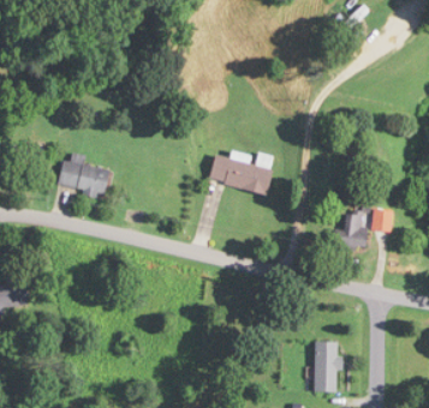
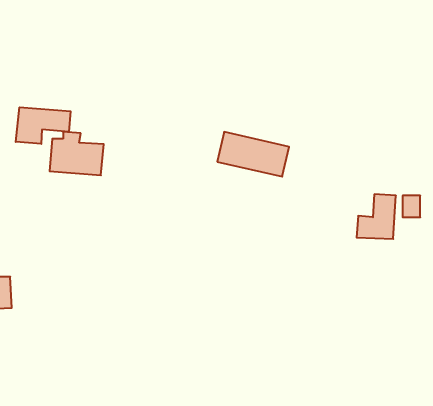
building: none -> [16,107,71,144]
building: [314,342,338,392] -> none

